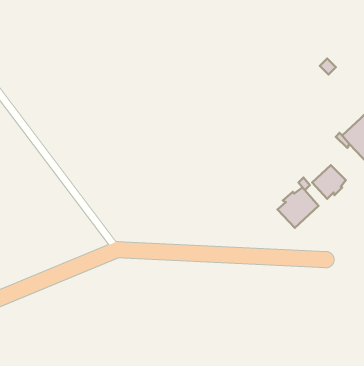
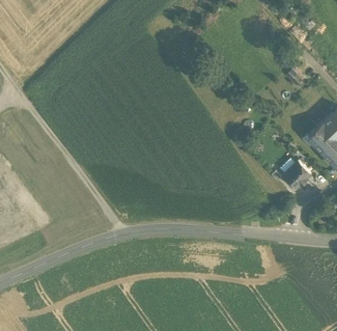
building: [277,188,318,228] -> none

